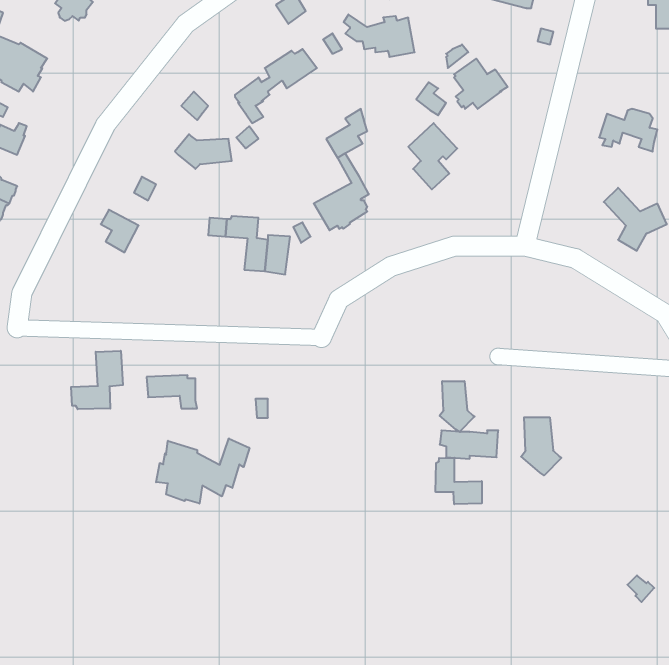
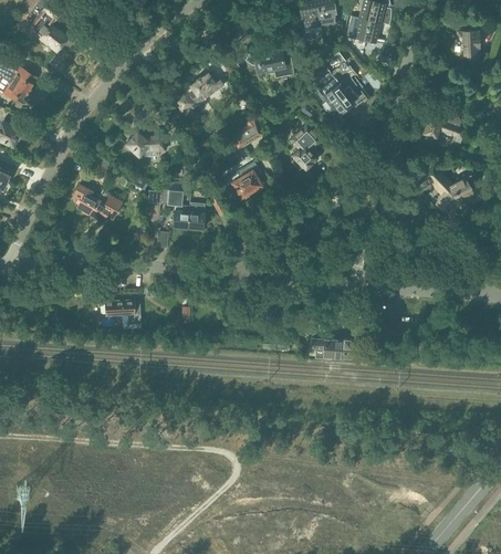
building: none -> [91,190,123,220]
building: [71,351,123,409] -> none
building: [440,381,475,432] -> none
building: [521,417,561,475] -> none
building: [156,438,249,504] -> none
building: [436,458,482,504] -> none

